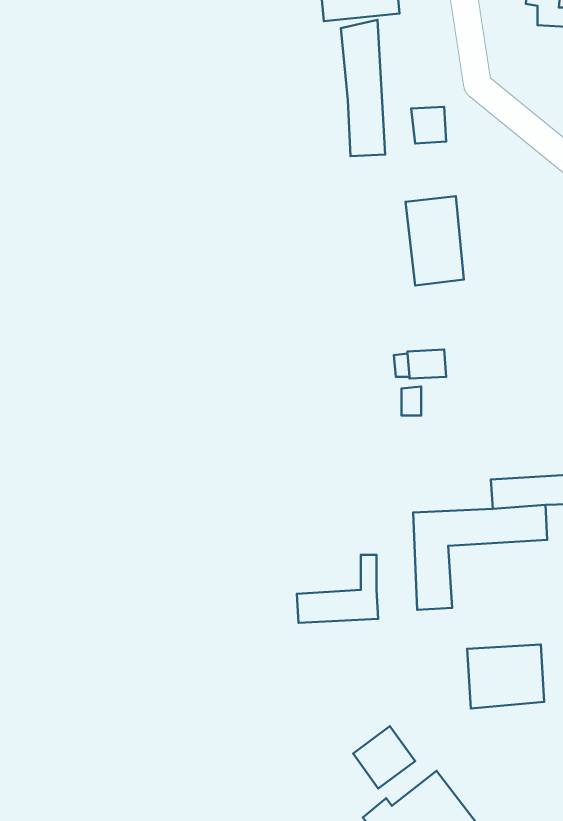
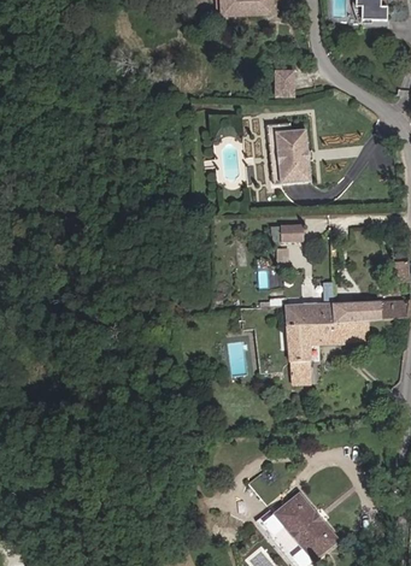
building: [341,20,385,156] -> none
building: [297,555,378,623] -> [282,282,333,324]
building: [467,644,544,708] -> none

